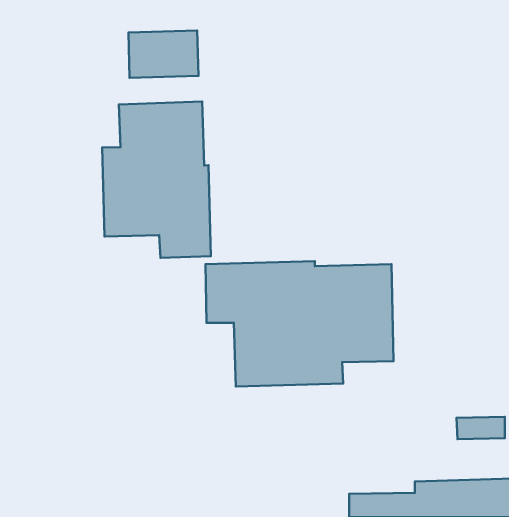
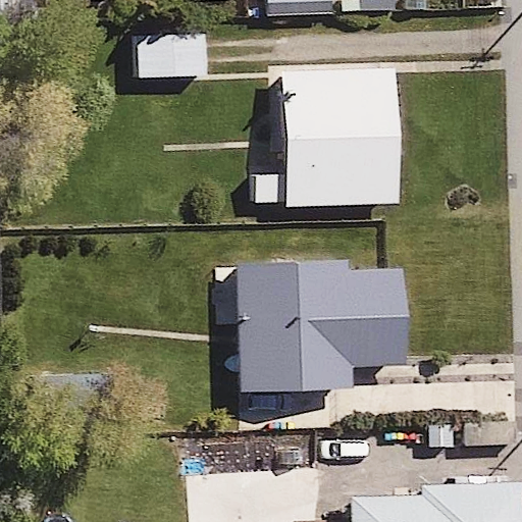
building: none -> [254,67,401,206]
building: [102,102,211,258] -> none

